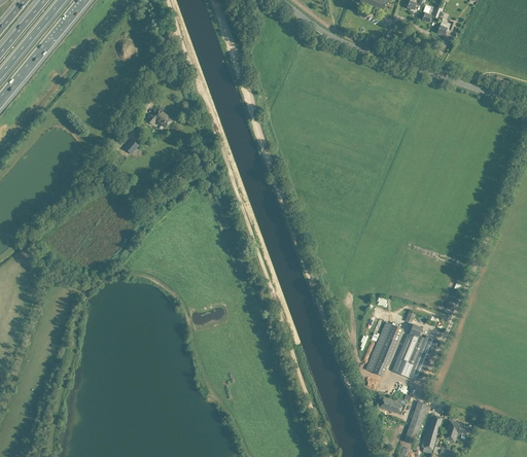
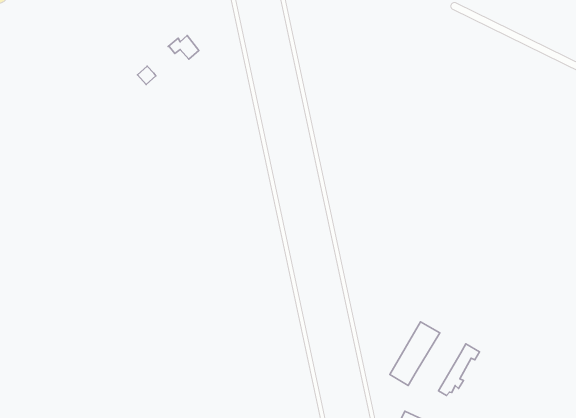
building: [392,323,422,377] -> none

